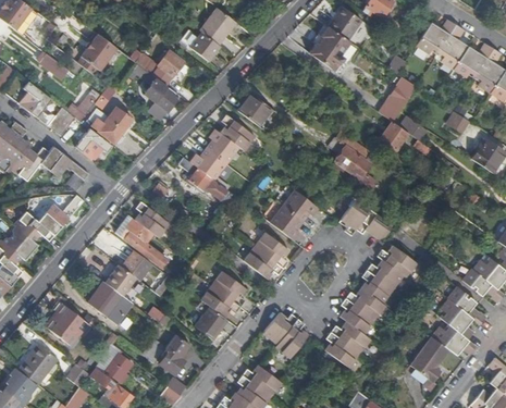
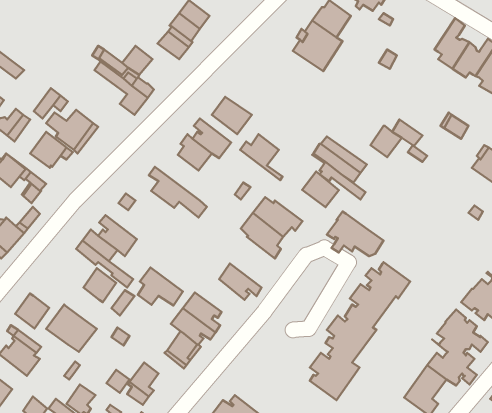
building: [416,18,456,53] -> none
building: [76,33,115,75] -> none
building: [379,73,416,118] -> none
building: [190,147,229,188] -> [240,134,283,180]
building: none -> [302,171,339,207]
building: [254,231,288,267] -> none
building: none -> [138,268,183,305]
building: [106,264,136,296] -> [15,293,49,328]
building: [263,312,309,357] -> none

